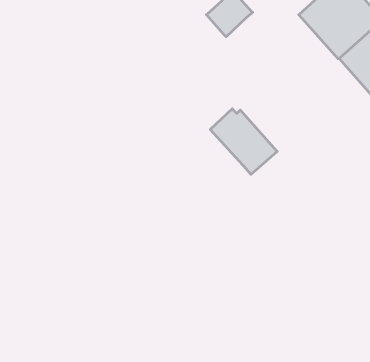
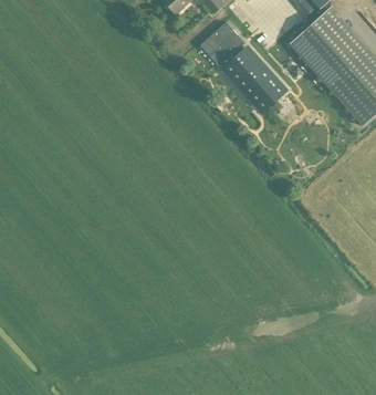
building: [210,109,277,174] -> [221,50,285,113]

